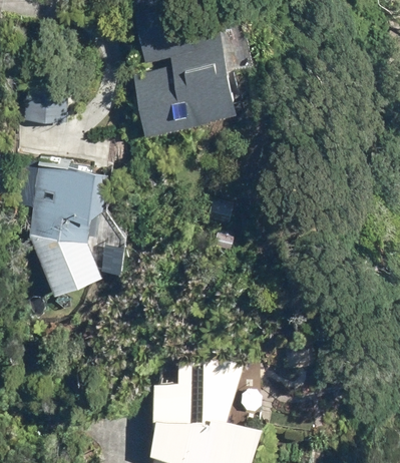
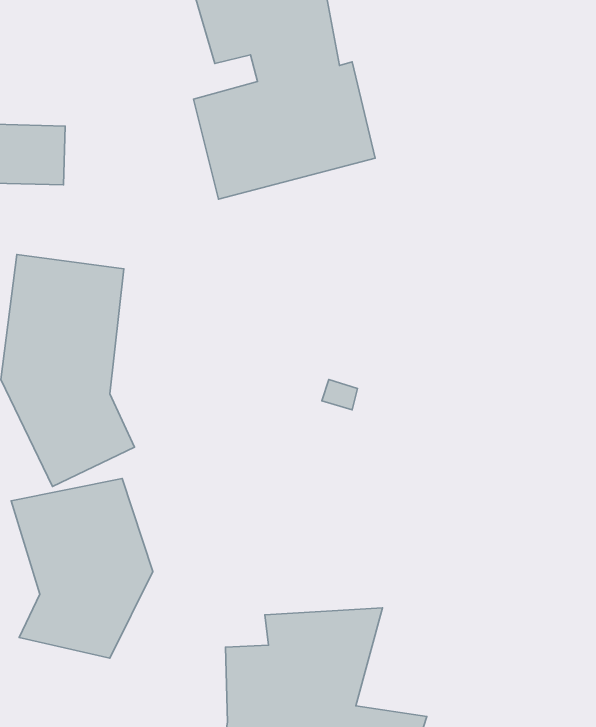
building: none -> [11,479,153,658]

